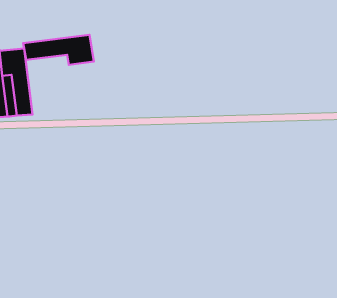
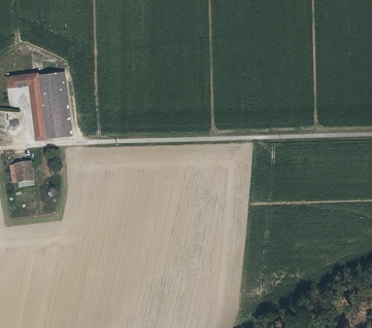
building: [23,35,94,65] -> none

